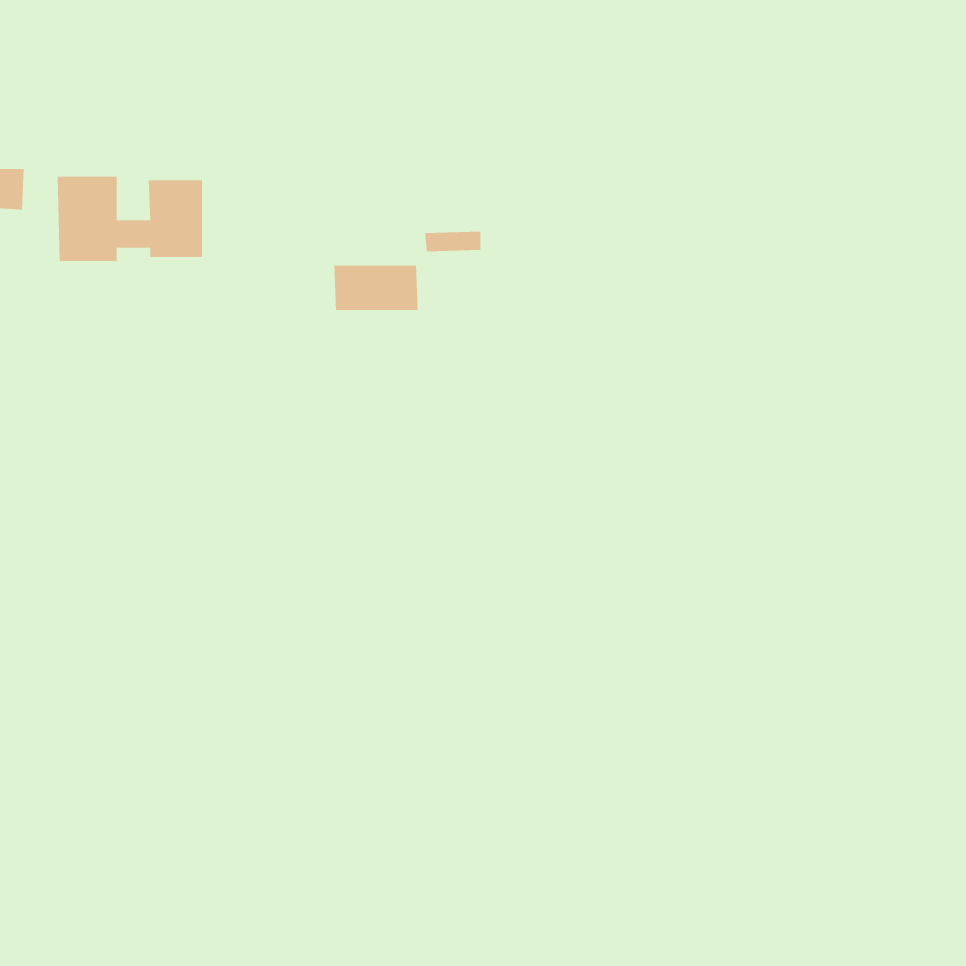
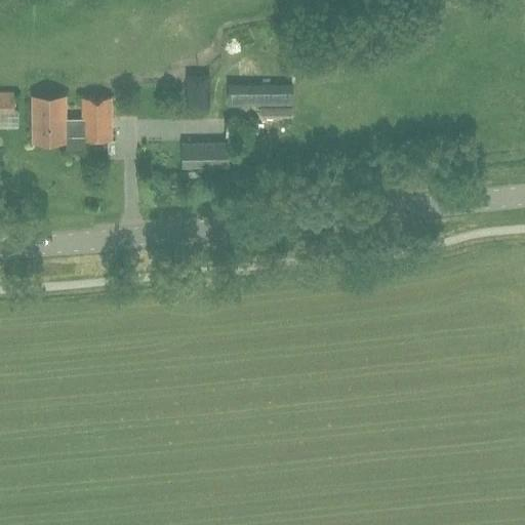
building: none -> [234,88,295,107]

